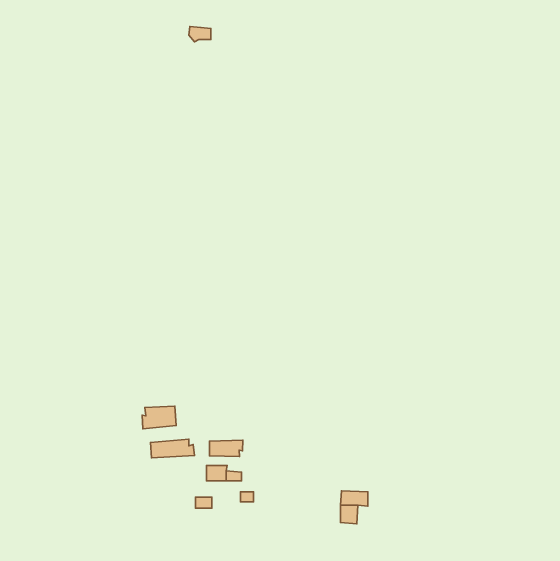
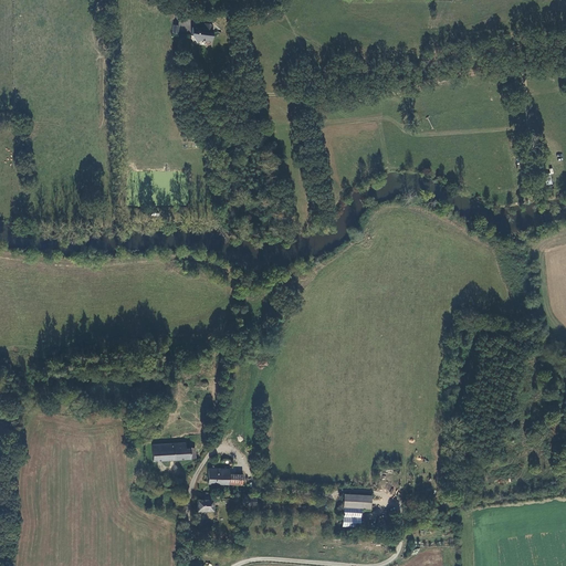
building: [142,406,176,429] -> none
building: [209,440,243,456] -> none

